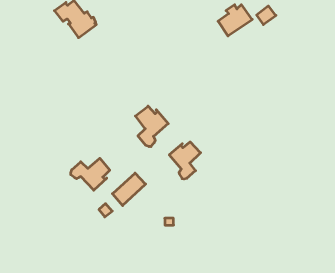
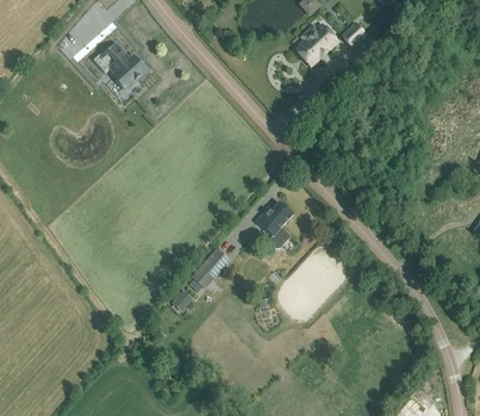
building: [135,106,168,147] -> none
building: [71,158,110,190] -> none

